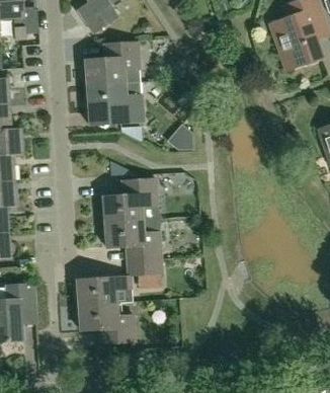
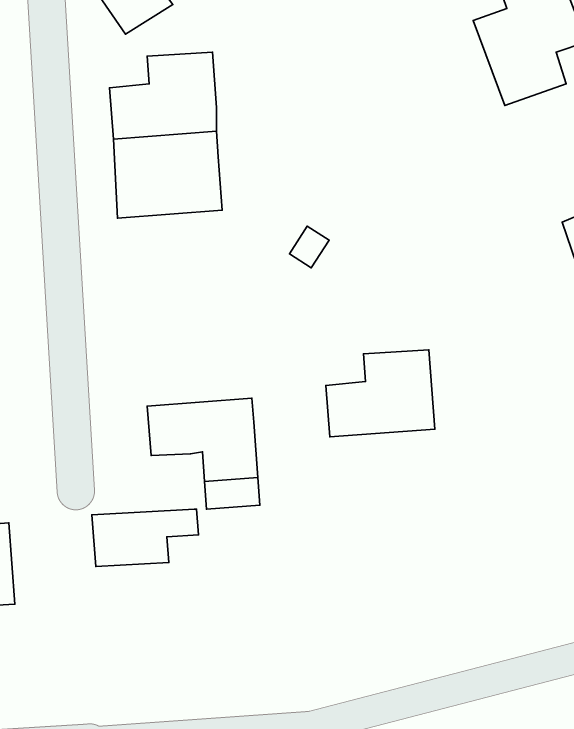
building: [102,177,158,222] -> [326,350,435,437]
building: [78,302,135,343] -> none

